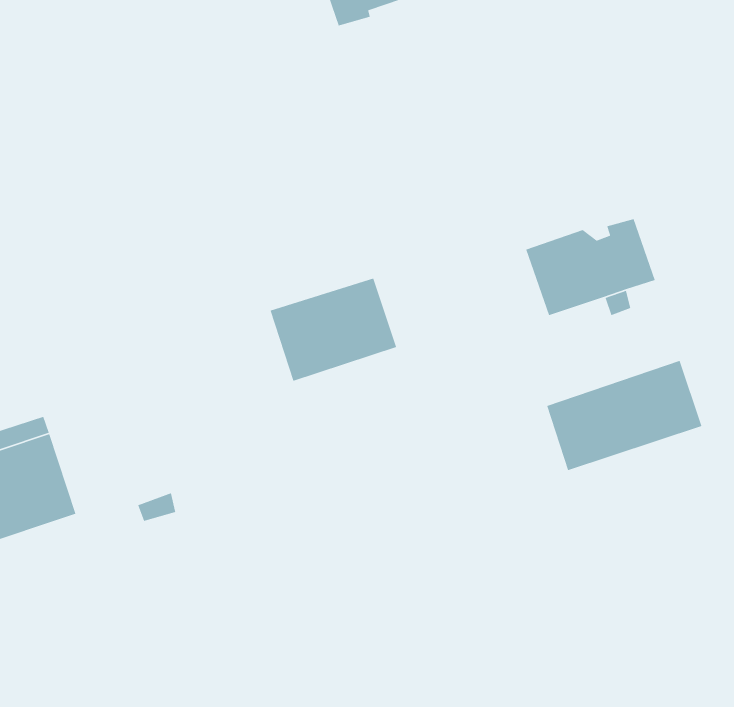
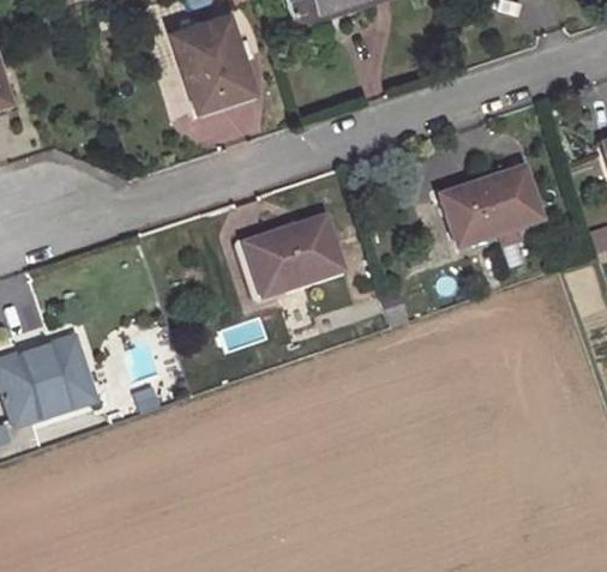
building: none -> [174,16,246,107]
building: [546,360,703,471] -> none

